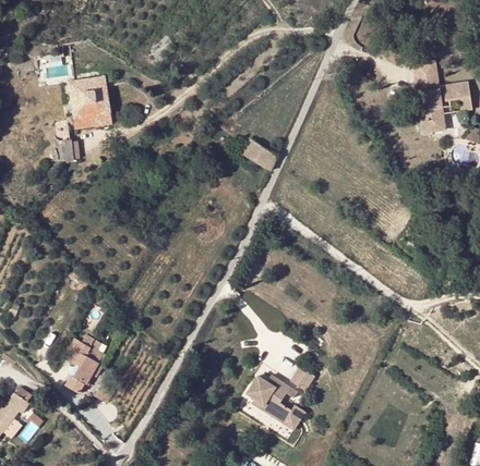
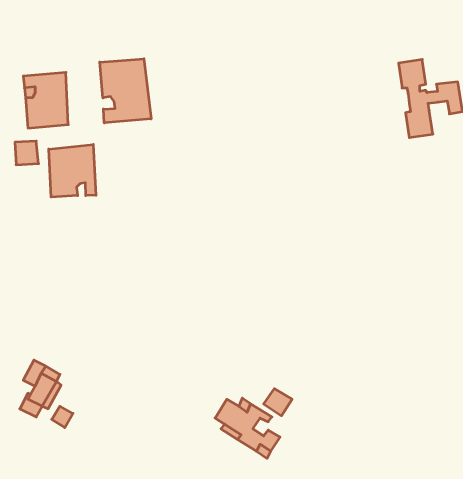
building: none -> [100,59,151,123]
building: [240,139,276,172] -> none
building: none -> [49,144,96,197]

